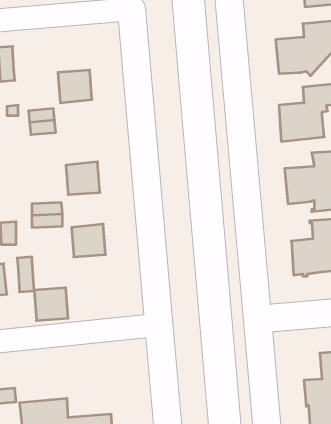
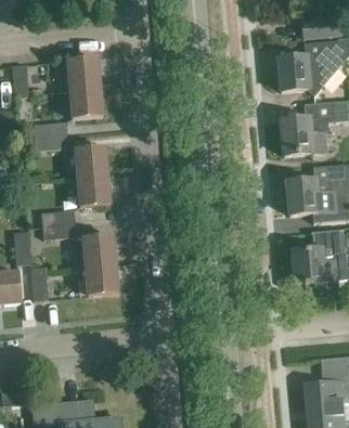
building: none -> [67,59,101,90]
building: none -> [75,147,108,179]
building: [34,288,68,321] -> [86,264,118,296]

